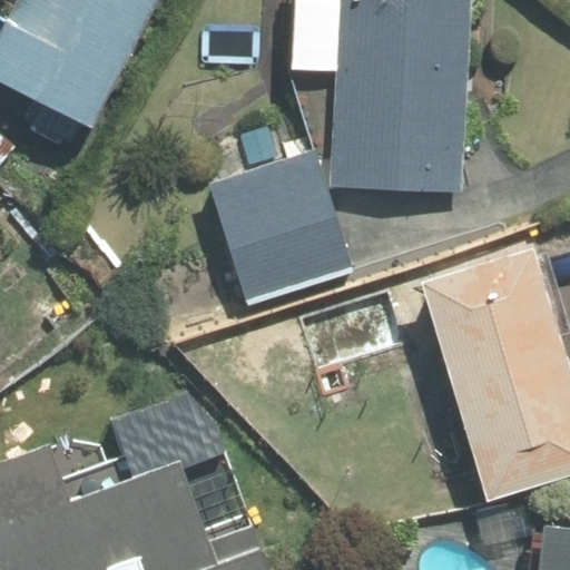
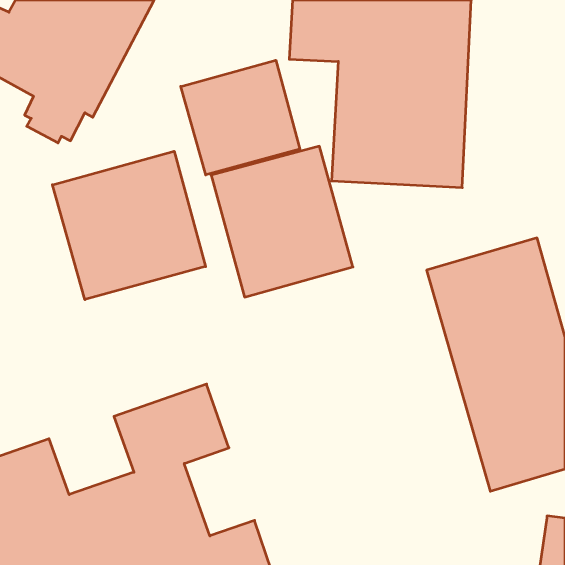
building: none -> [181,60,300,175]
building: none -> [52,151,206,300]

